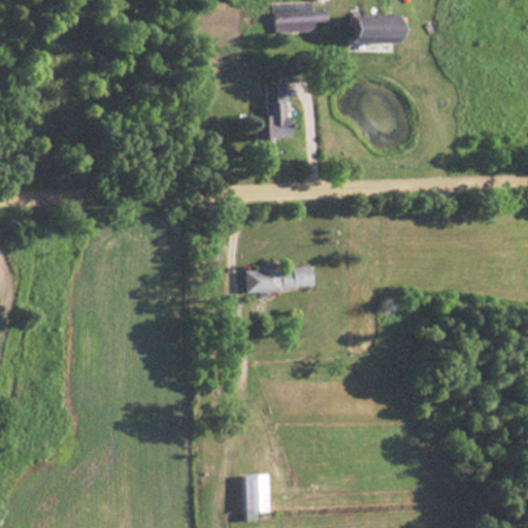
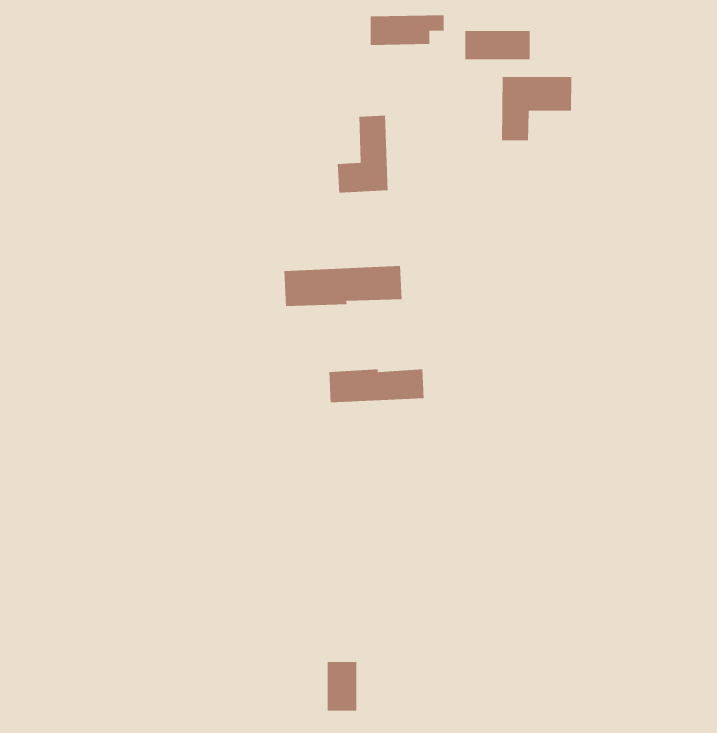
building: none -> [501,76,572,141]
building: none -> [283,265,402,307]

